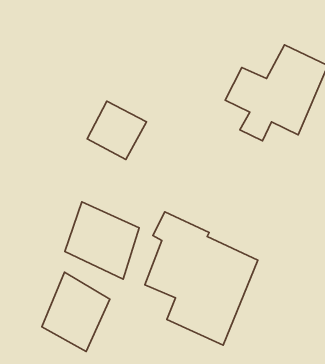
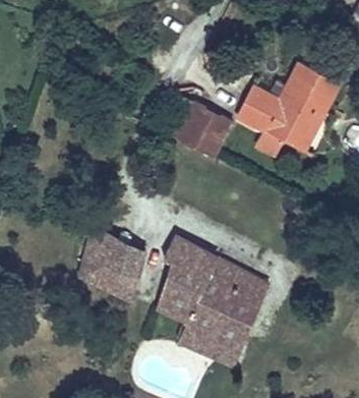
building: [87,101,146,160] -> [177,102,238,162]
building: [42,272,110,352] -> none

